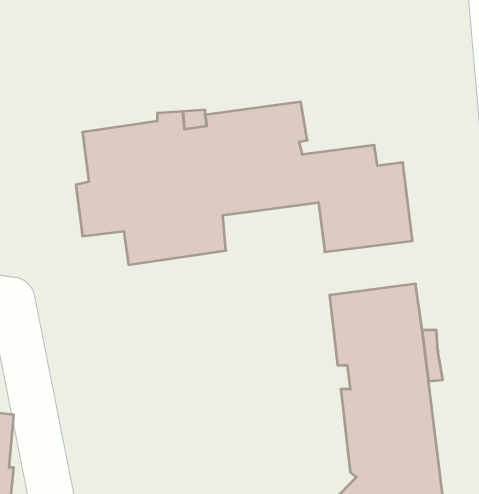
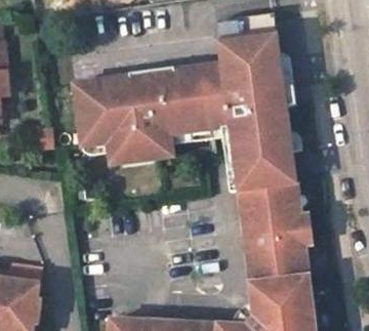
building: none -> [217,16,288,108]
building: none -> [238,156,296,191]

